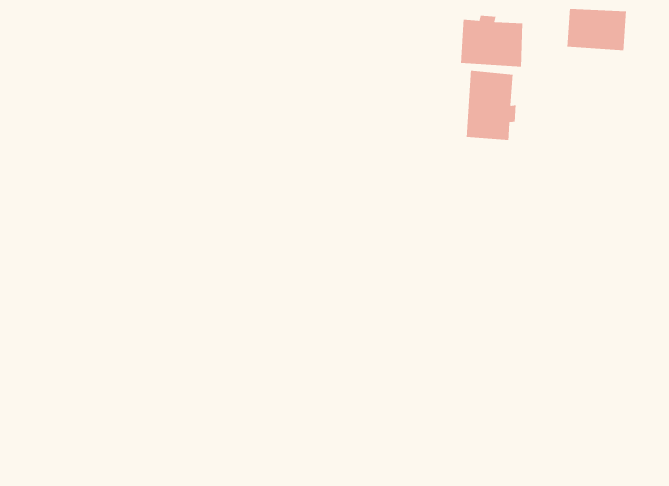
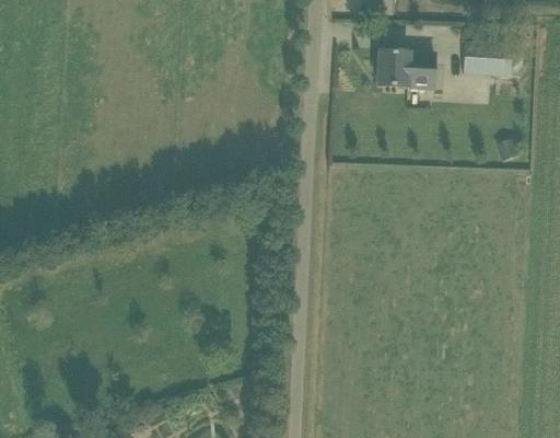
building: [466,70,516,141] -> none

